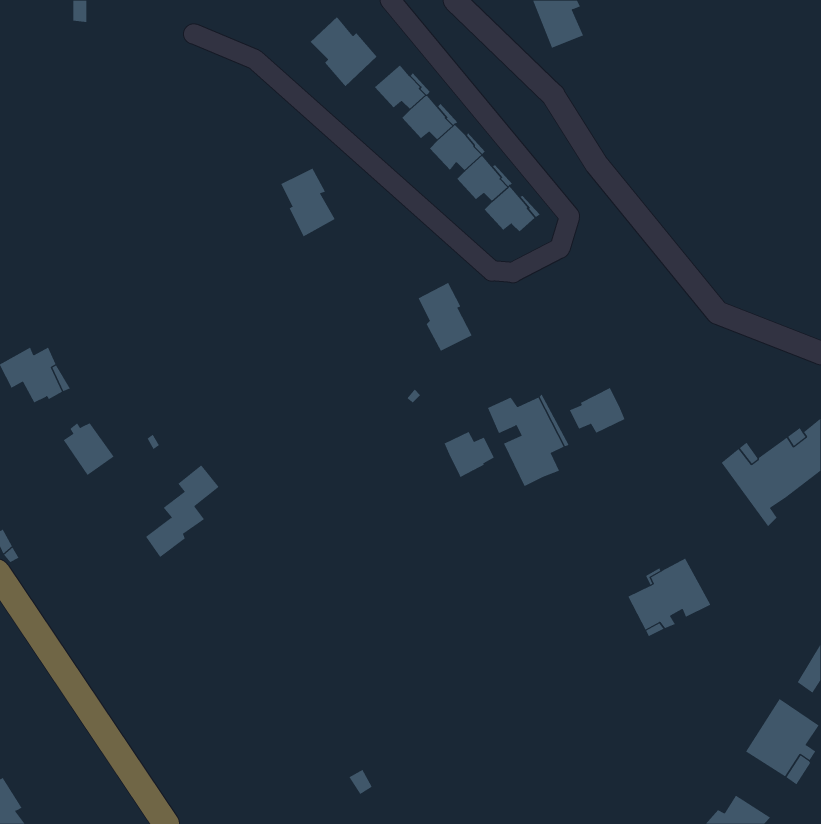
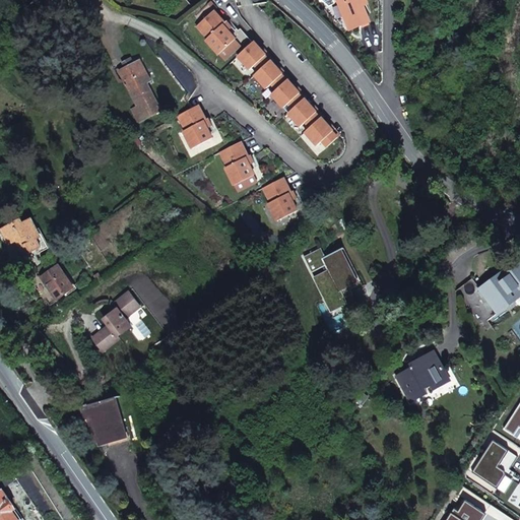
building: none -> [118,59,155,122]
building: none -> [219,142,254,186]
building: [569,387,625,433] -> none
building: [444,431,495,478] -> none
building: none -> [78,397,126,445]

